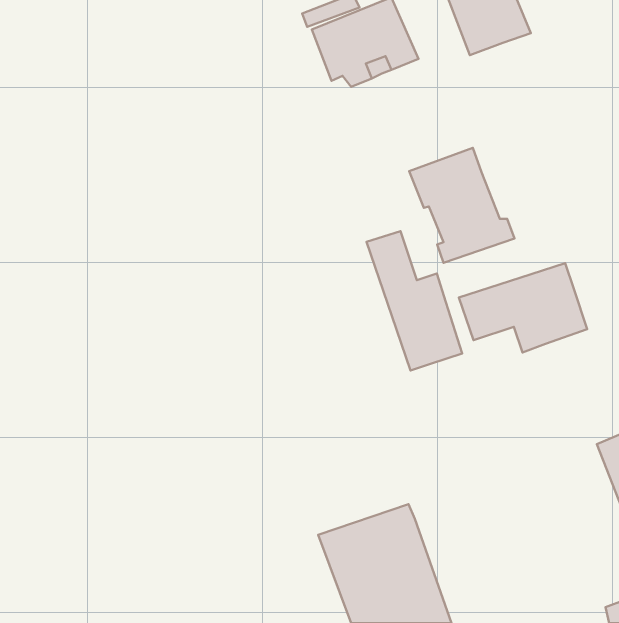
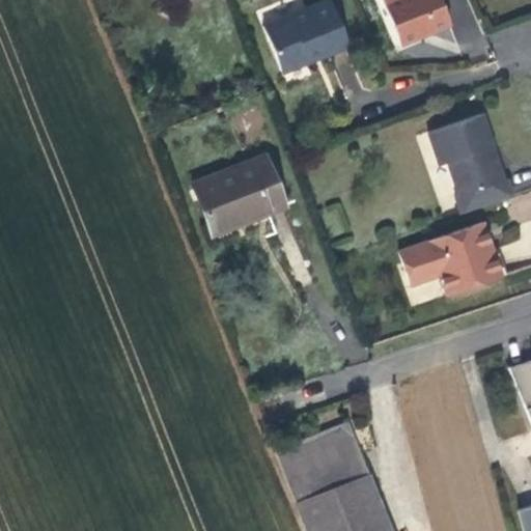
building: [409,148,514,263] -> [432,118,522,216]
building: none -> [194,151,283,223]
building: [367,231,462,371] -> none

